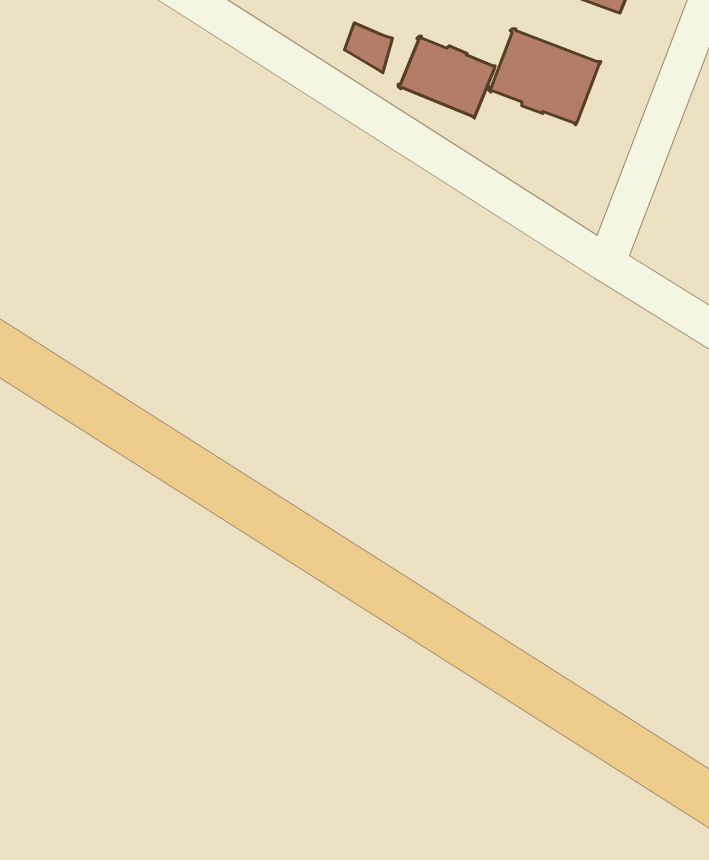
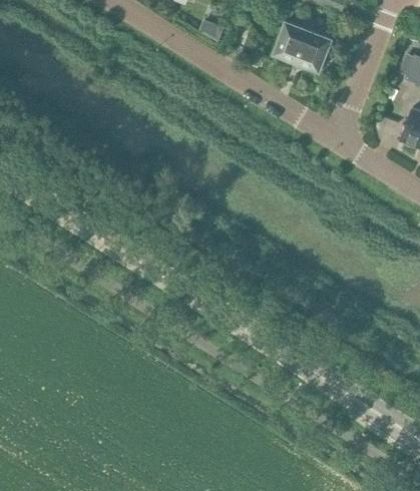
building: [398,36,495,118] -> none

